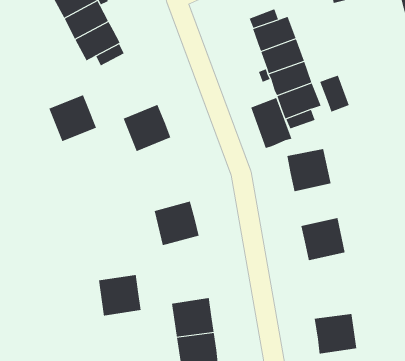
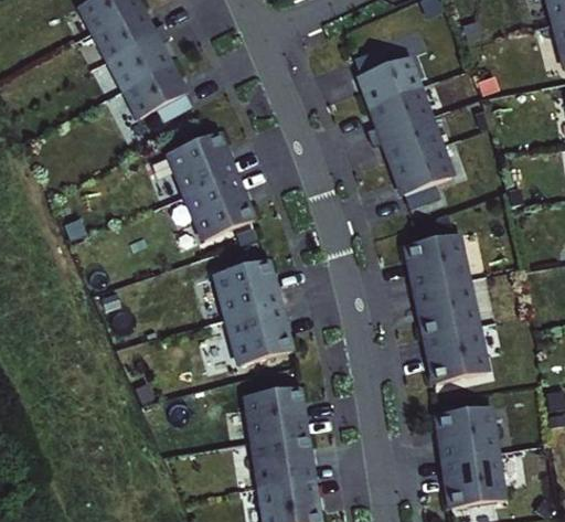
building: [320,75,350,112] -> none
building: [49,94,97,142] -> [171,131,235,194]
building: [250,97,292,149] -> none
building: none -> [217,258,278,317]
building: none -> [415,280,473,337]
building: [98,274,141,316] -> [246,384,303,439]
building: none -> [435,405,492,459]

